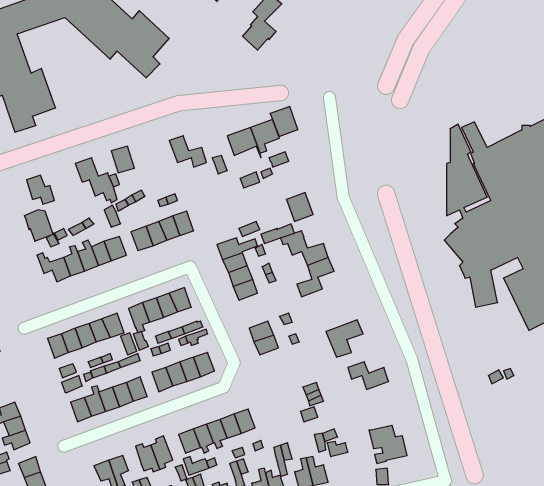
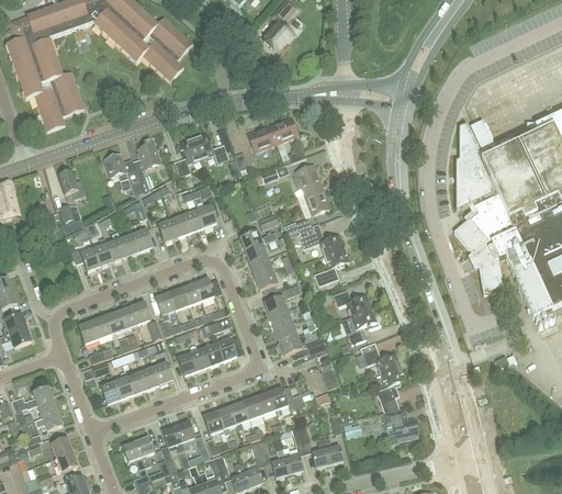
building: [270,106,298,137] -> [295,165,322,193]
building: none -> [173,137,201,176]
building: none -> [263,283,302,315]
building: none -> [333,289,371,315]
building: none -> [277,334,326,355]
building: none -> [375,366,406,412]
building: none -> [268,385,304,414]

